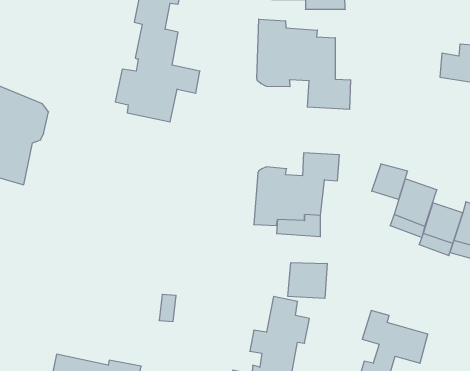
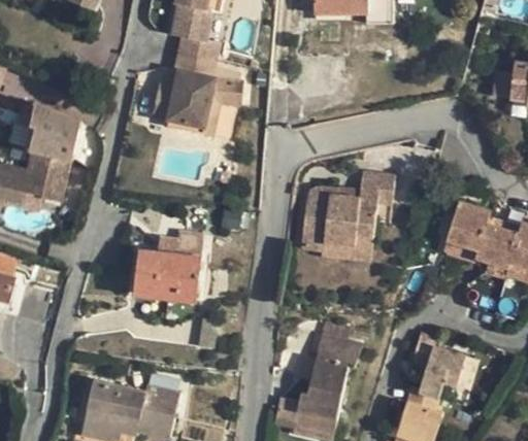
building: [257,19,350,109] -> none
building: [372,164,408,199] -> none
building: none -> [135,232,203,301]
building: [288,263,327,298] -> none

